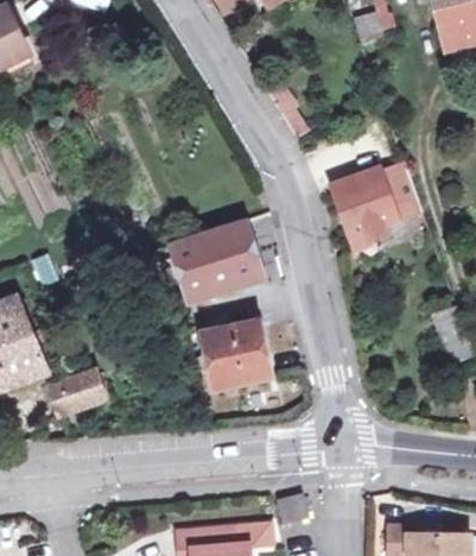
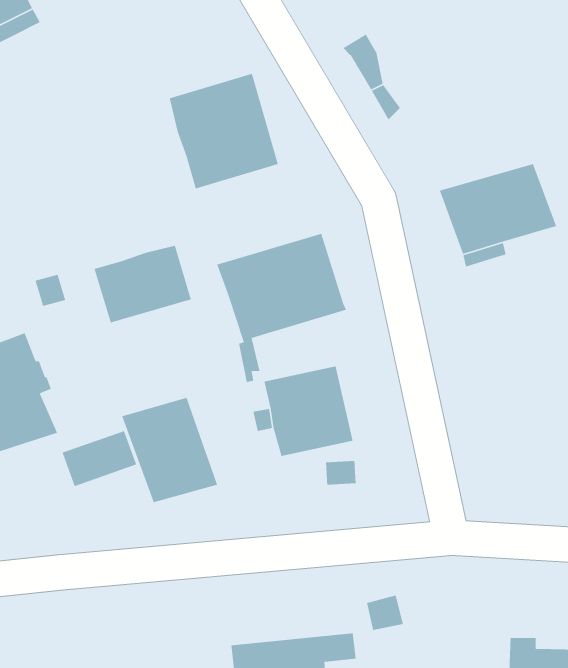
building: none -> [169,73,279,190]
building: none -> [94,245,192,324]
building: none -> [121,397,218,503]

